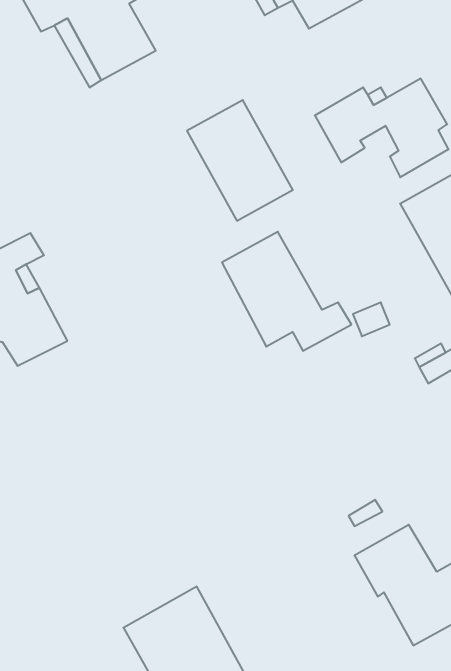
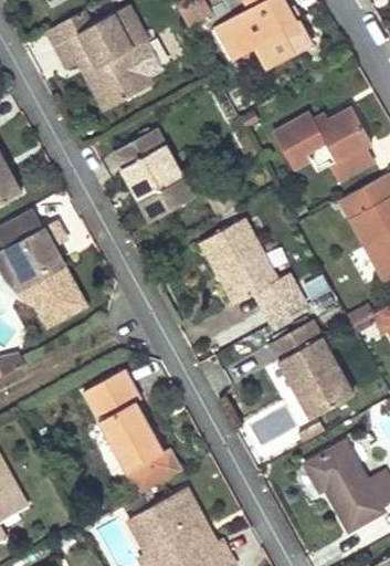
building: [187,100,293,221] -> [114,132,193,222]
building: none -> [268,321,352,419]
building: none -> [81,369,182,495]

